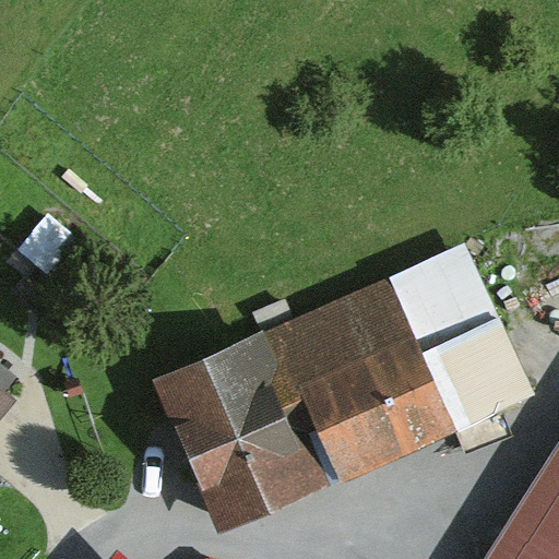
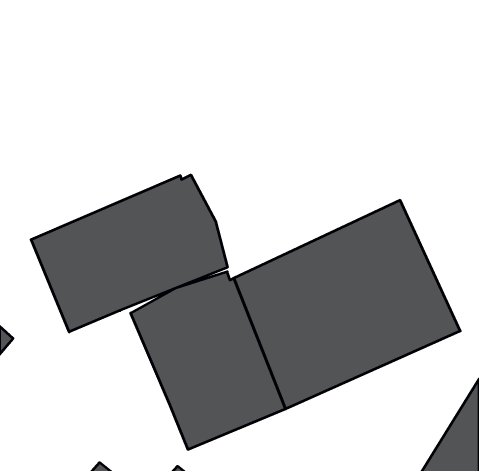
building: none -> [31,175,227,332]

